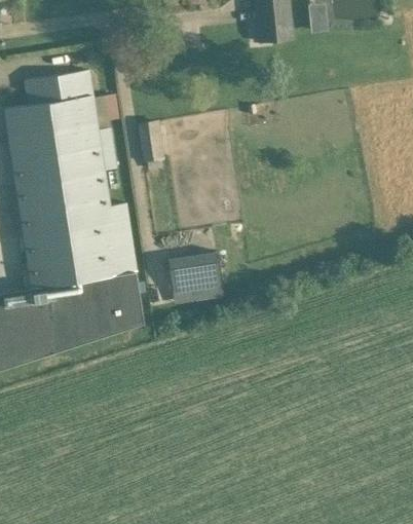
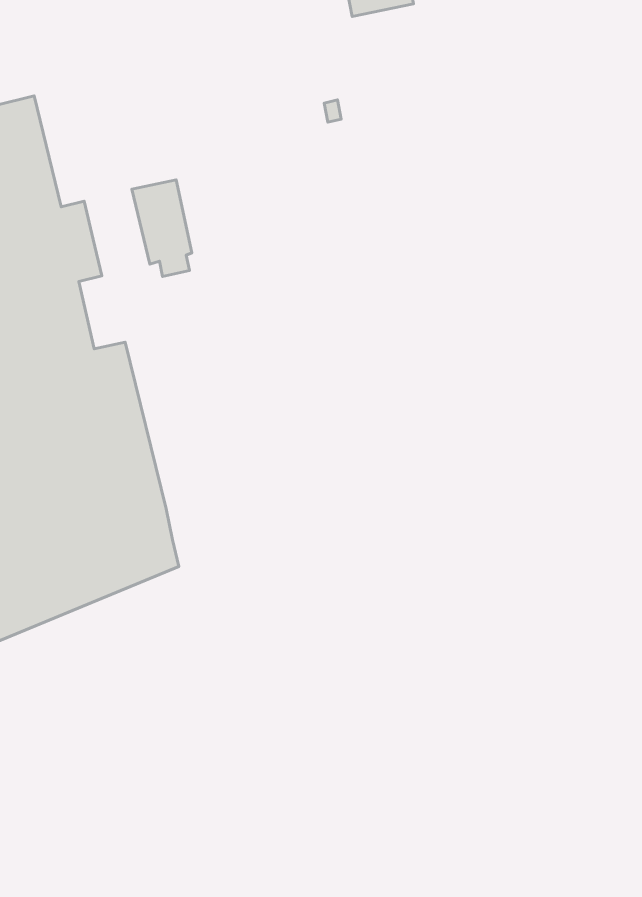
building: [164,250,221,304] -> none

